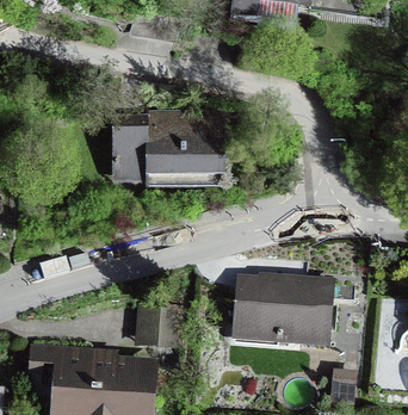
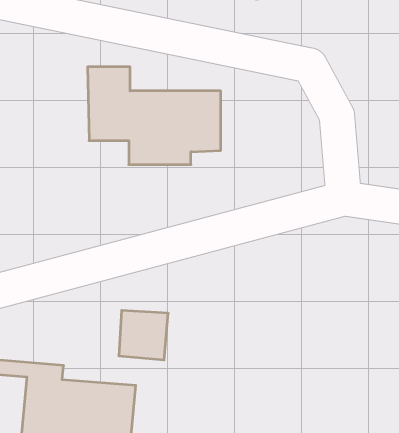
building: [235,280,330,342] -> none

